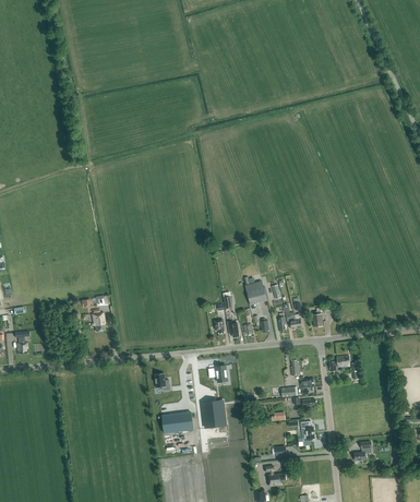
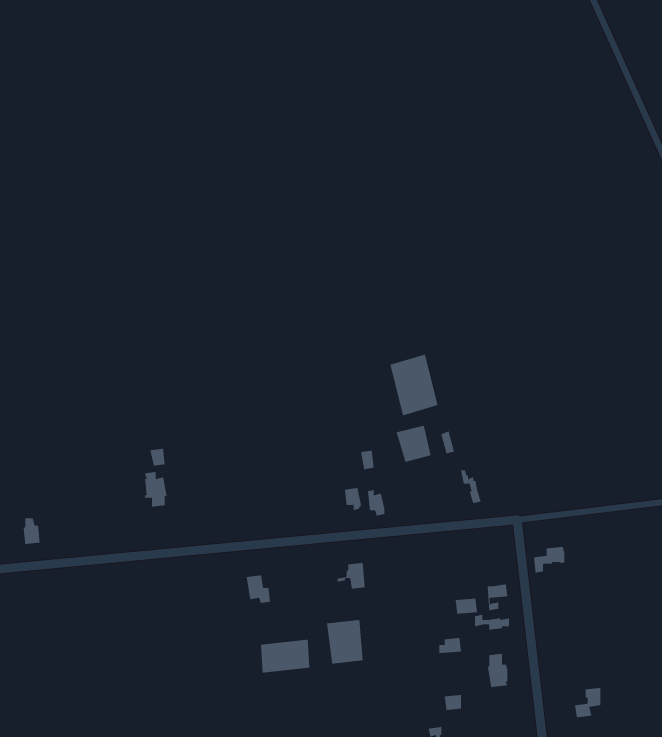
building: none -> [390,354,438,416]

